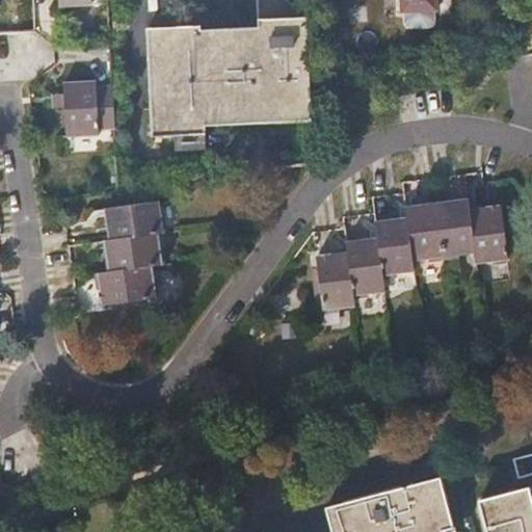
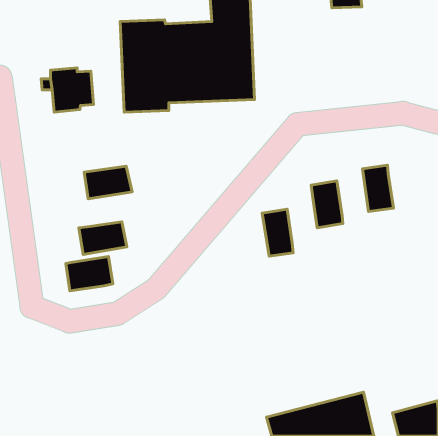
building: [407,205,447,262] -> none
building: [471,208,508,263] -> none
building: [101,234,158,275] -> [66,257,113,291]
building: [347,240,387,295] -> none

